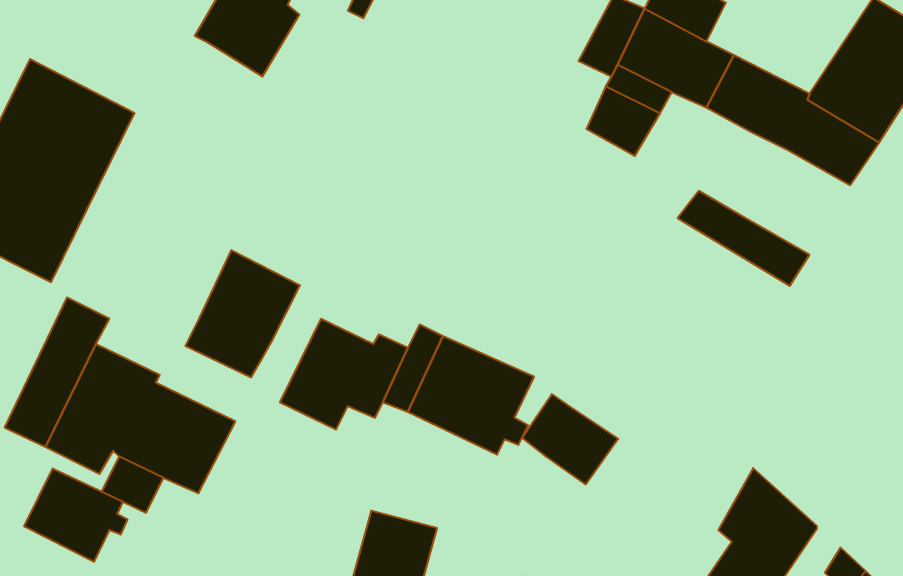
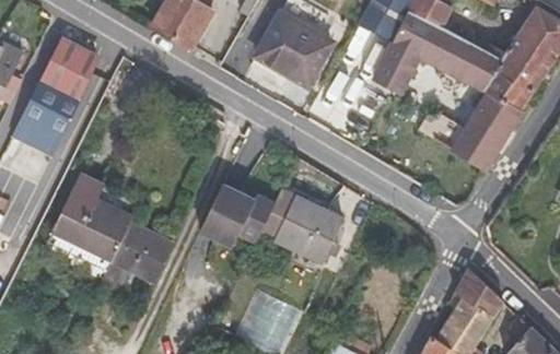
building: none -> [255,11,334,86]
building: none -> [464,90,523,149]
building: [185,250,300,378] -> none
building: [522,394,618,484] -> none
building: [24,468,127,562] -> none

